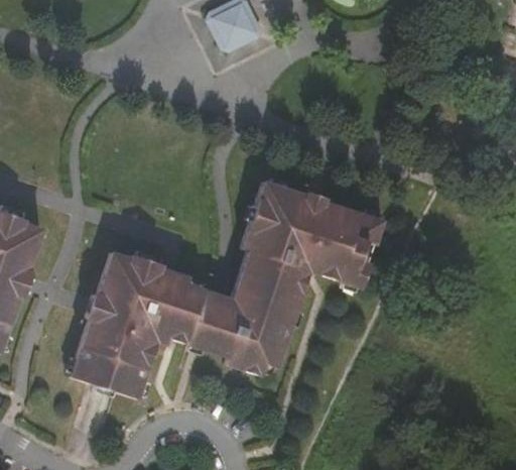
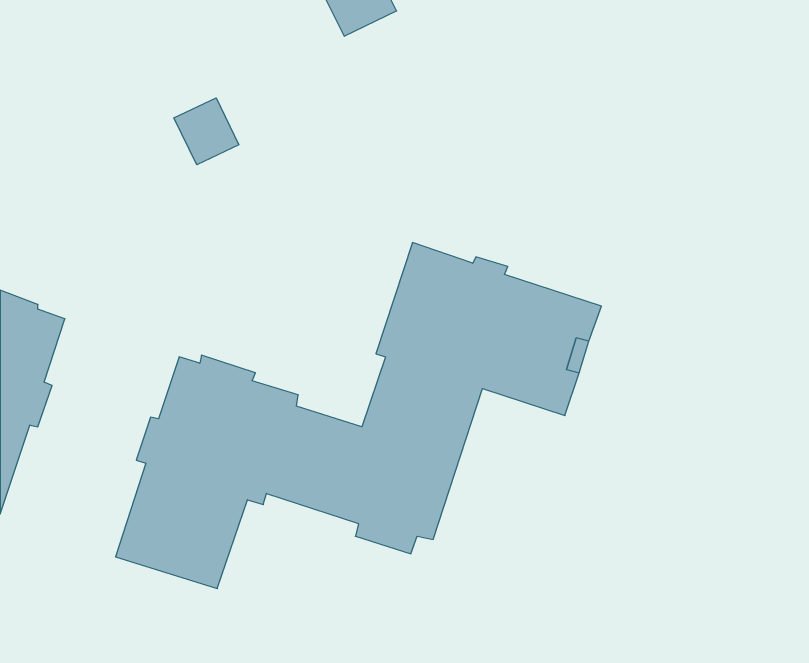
building: none -> [174,98,239,165]

